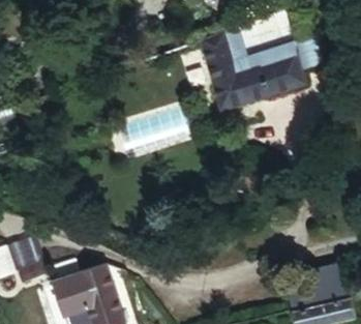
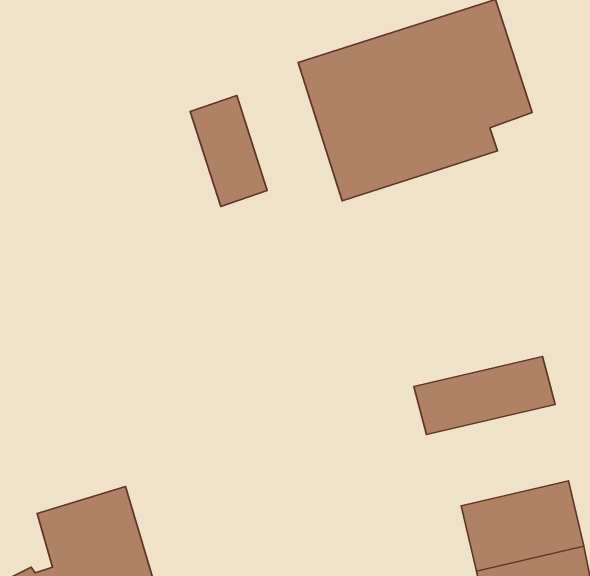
building: none -> [190,95,267,206]
building: none -> [414,357,555,434]

